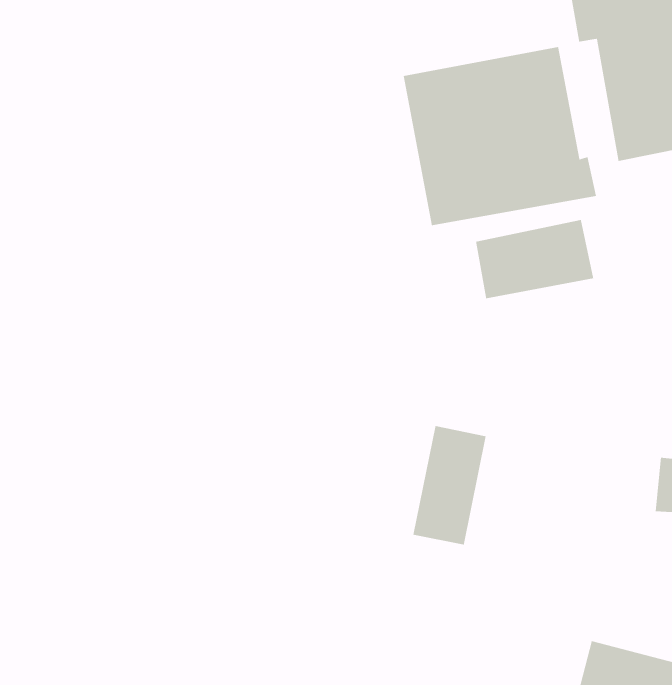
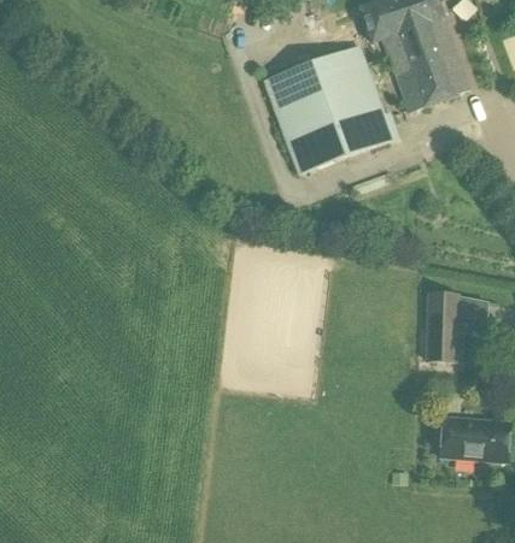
building: [476,219,594,299] -> none
building: [413,426,486,545] -> [423,290,460,362]

